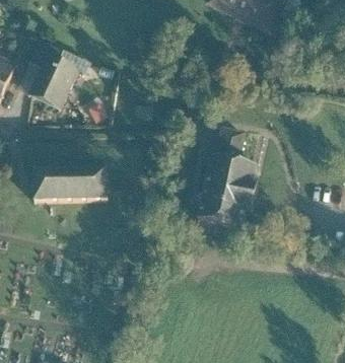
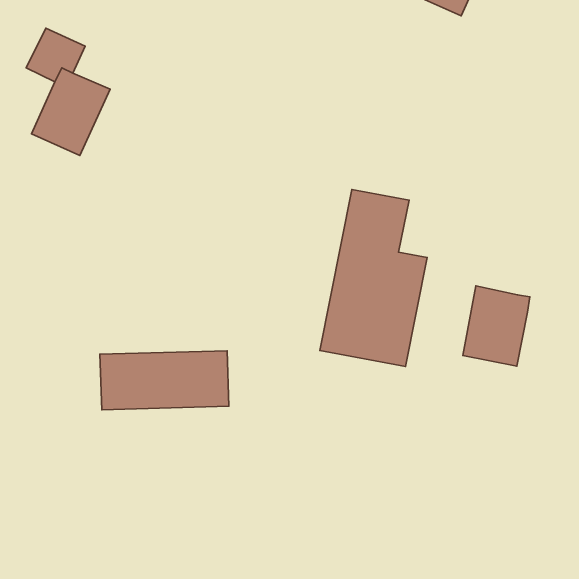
building: [41,164,114,198] -> [100,351,229,410]
building: none -> [463,286,530,366]

